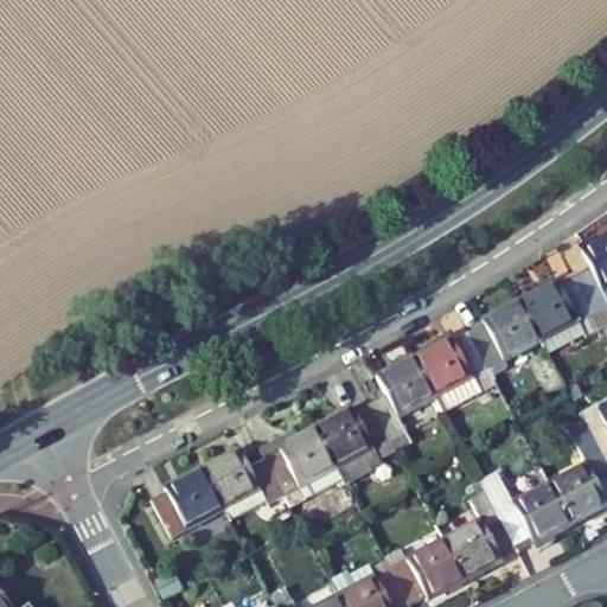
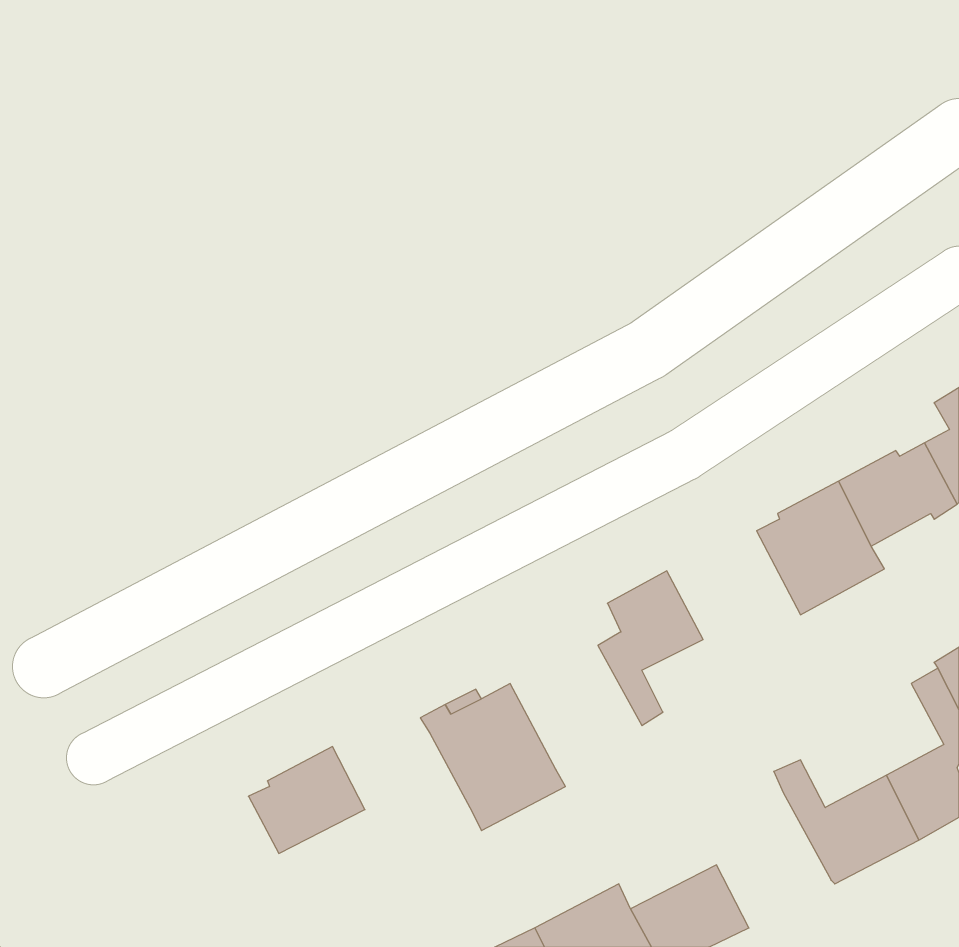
building: [414,330,497,409] -> none
building: [317,401,398,478] -> none
building: [206,446,292,517] -> none
building: [445,492,516,576] -> none

